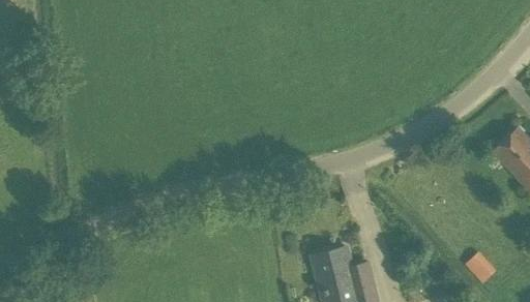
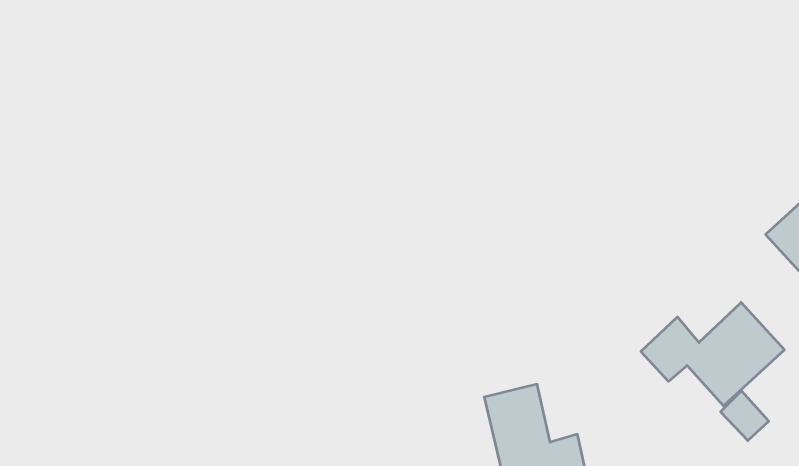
building: none -> [641,302,784,406]

